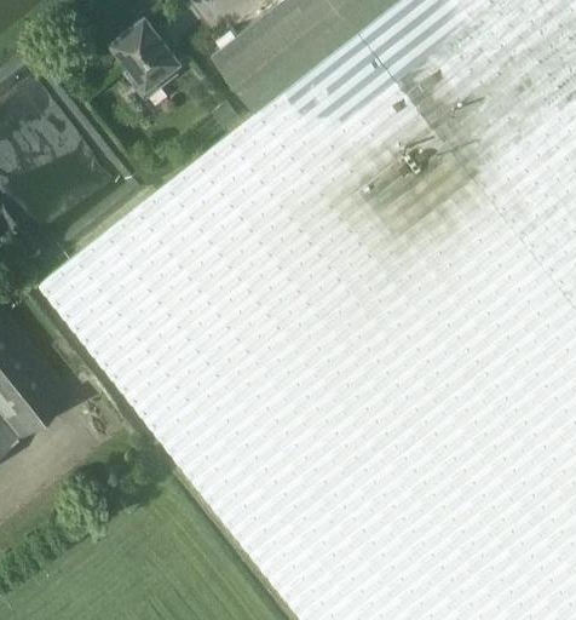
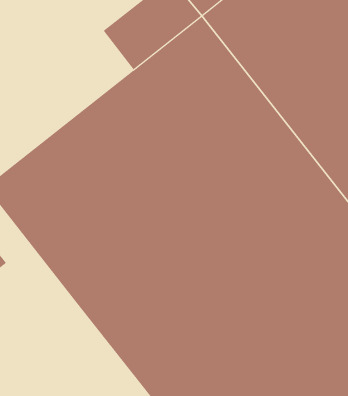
building: [114,19,178,97] -> none

